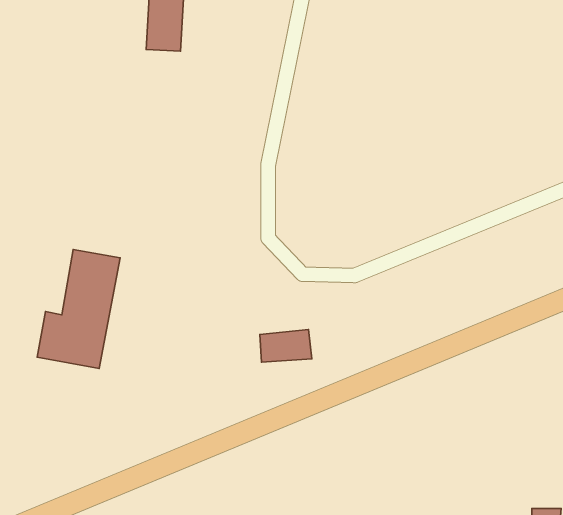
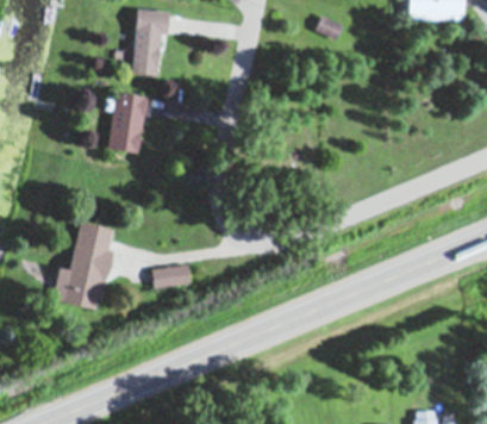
building: none -> [107,92,146,152]
building: [260,330,312,362] -> [152,263,191,287]

